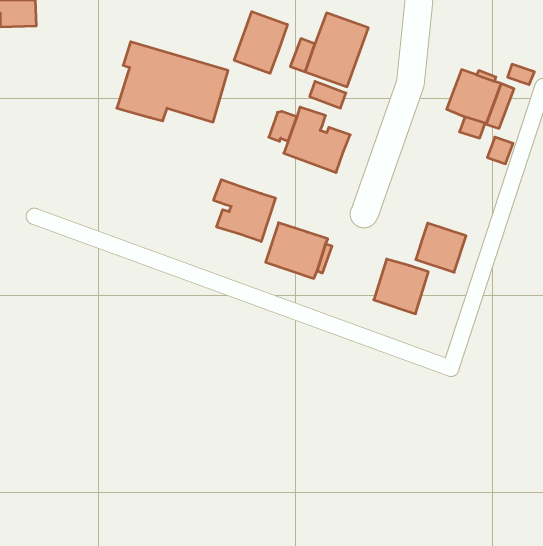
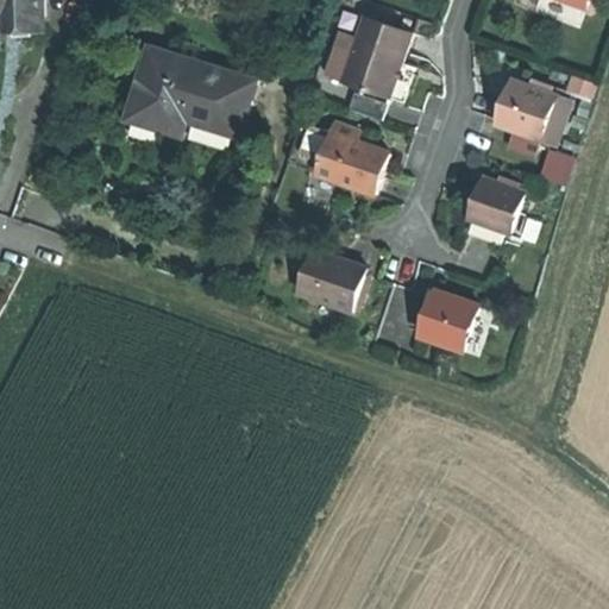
building: [234,12,287,73] -> none
building: [214,180,275,242] -> none
building: [416,223,466,272] -> [465,175,521,230]

